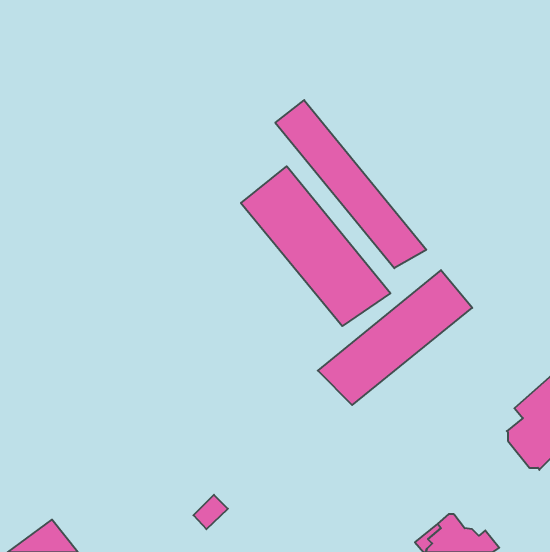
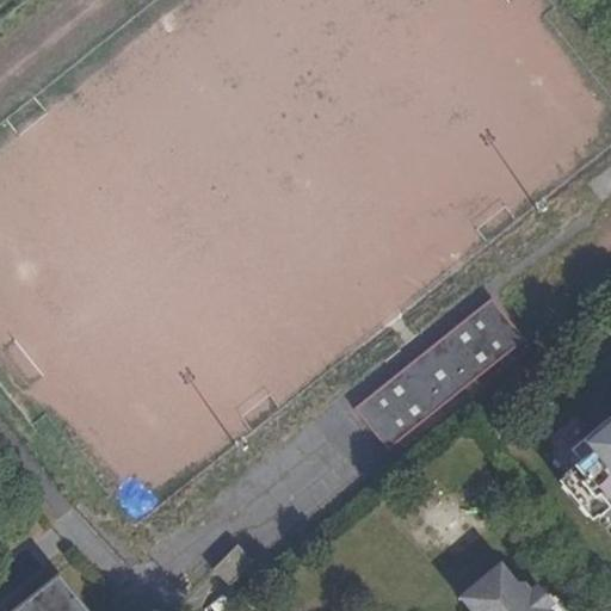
building: [275,100,426,268] -> none
building: [241,166,390,326] -> none

